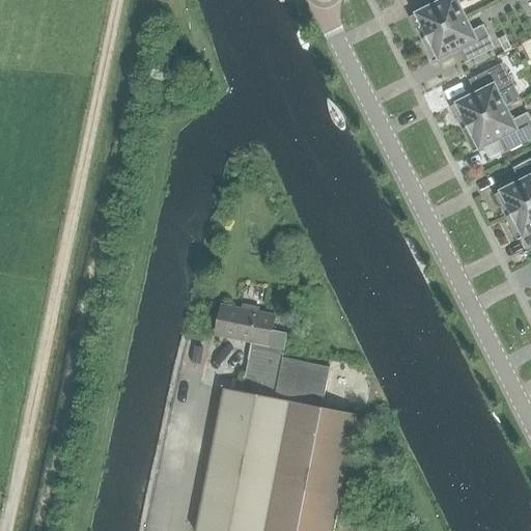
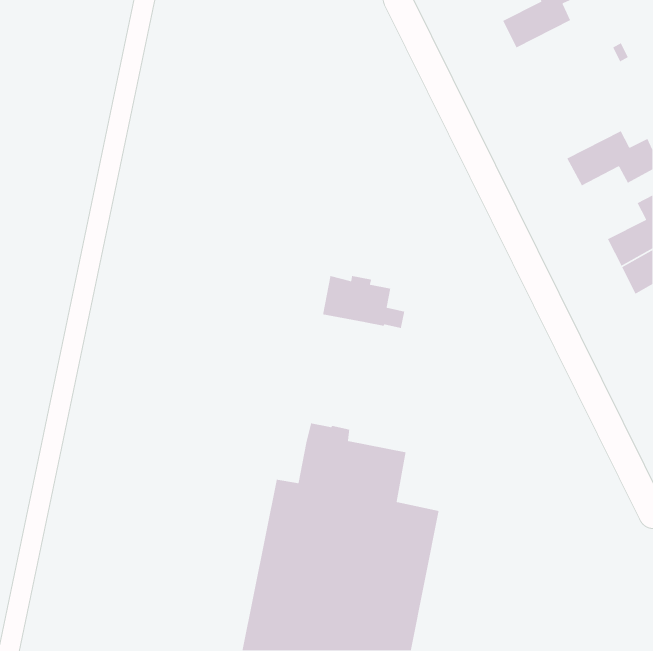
building: [419,17,494,62] -> none
building: [448,62,513,129] -> none
building: [219,305,286,348] -> [322,275,405,329]

